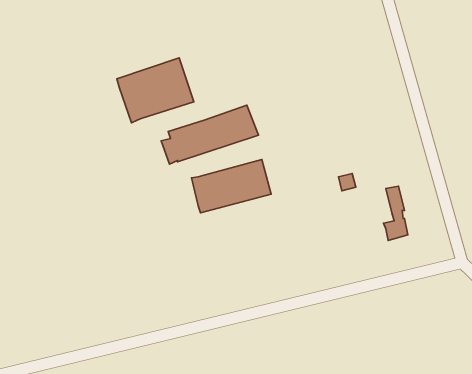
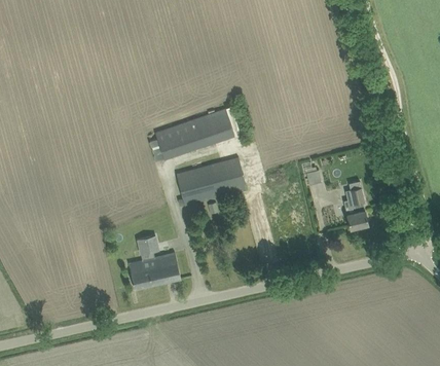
building: [117,58,194,123] -> none
building: none -> [127,236,180,289]

